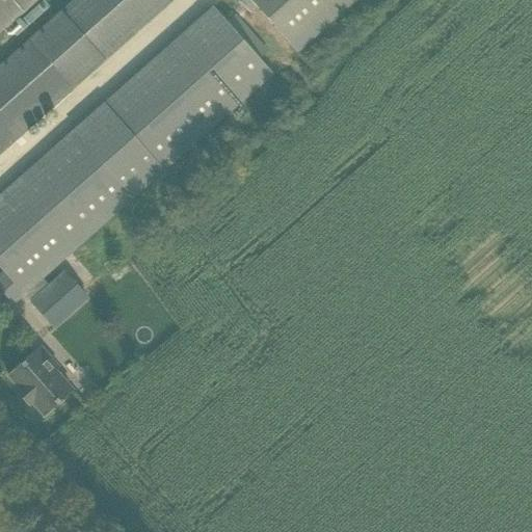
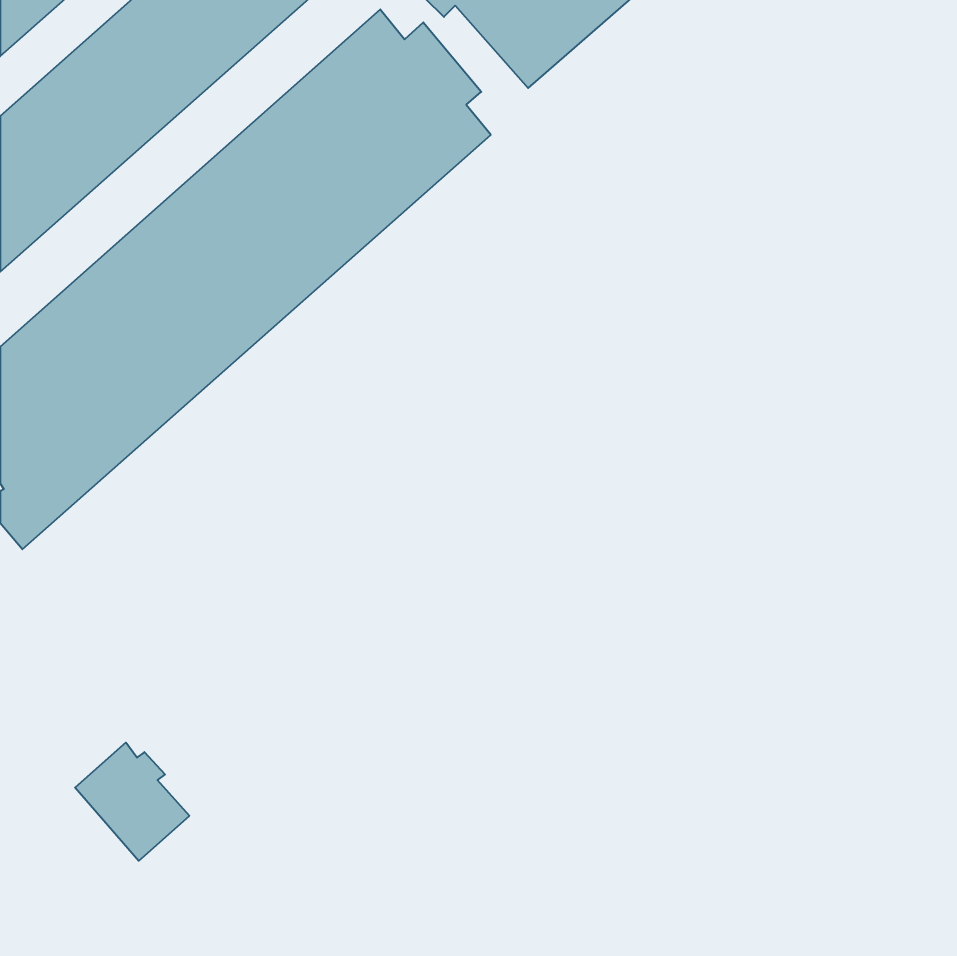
building: [32,273,87,328] -> none
building: [8,349,72,415] -> [75,743,189,861]

